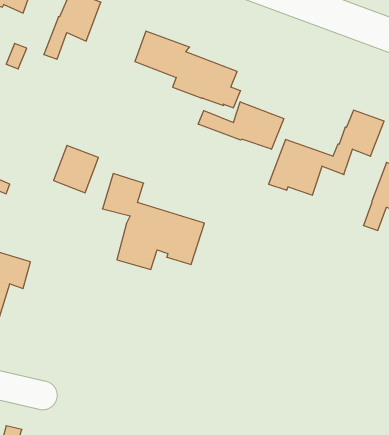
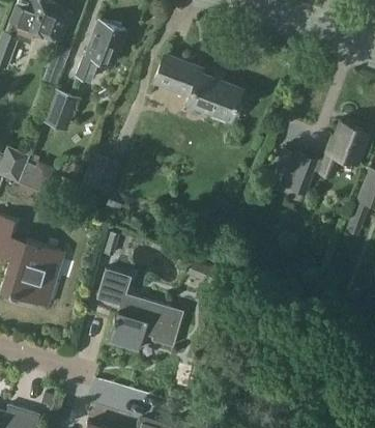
building: none -> [45,90,81,133]
building: [198,102,284,149] -> none
building: [102,174,204,269] -> [96,268,183,350]

